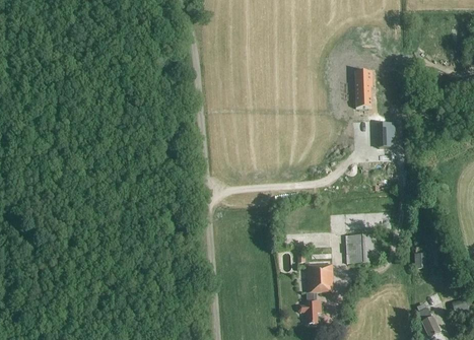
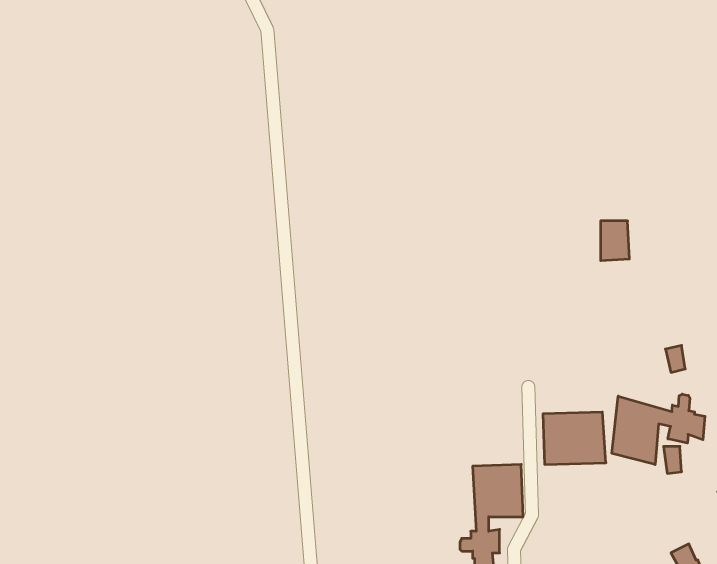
building: [354,71,373,109] -> none
building: none -> [612,394,705,465]

